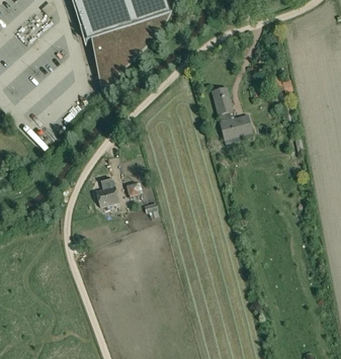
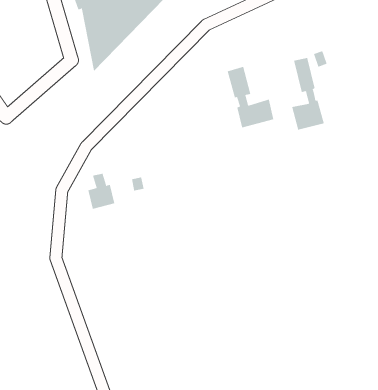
building: none -> [291,57,324,130]

